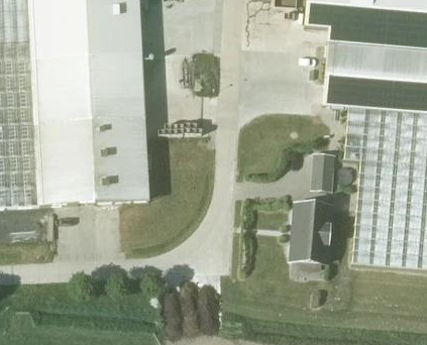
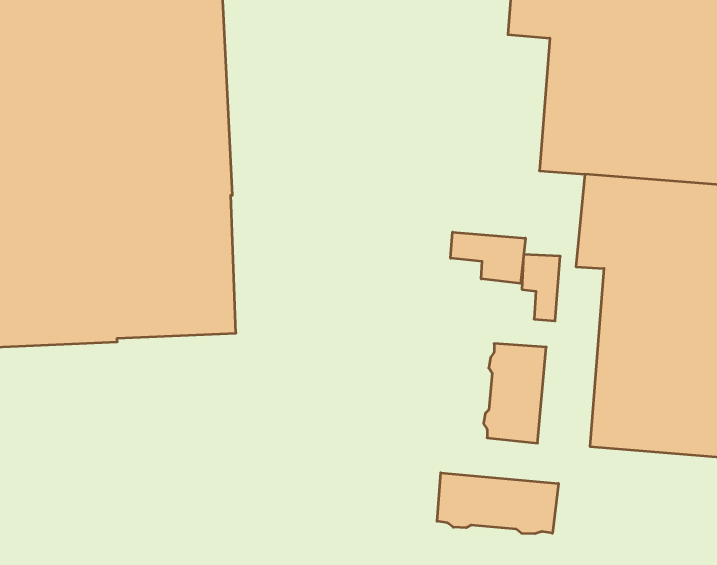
building: none -> [451,232,525,283]
building: none -> [437,473,558,534]

